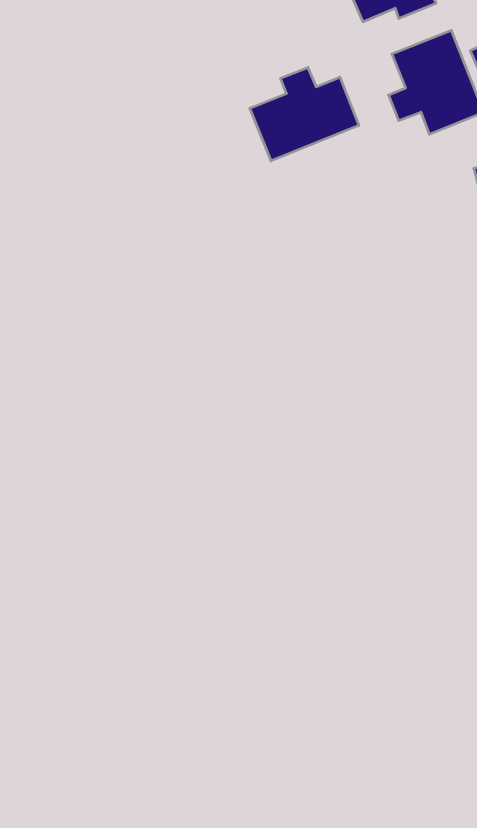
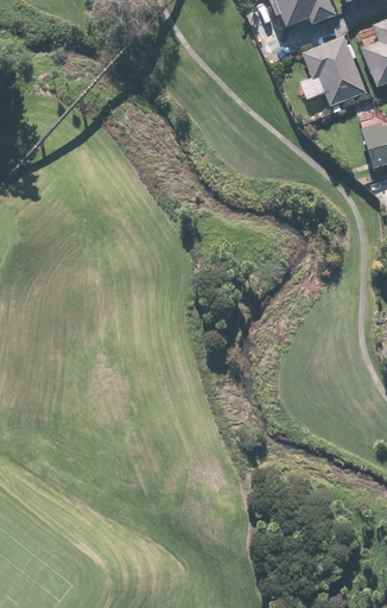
building: [250,67,359,161] -> none

